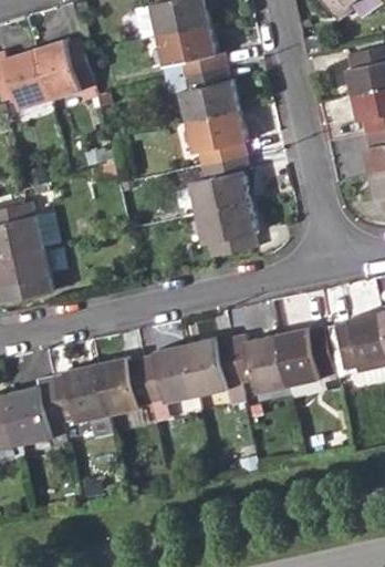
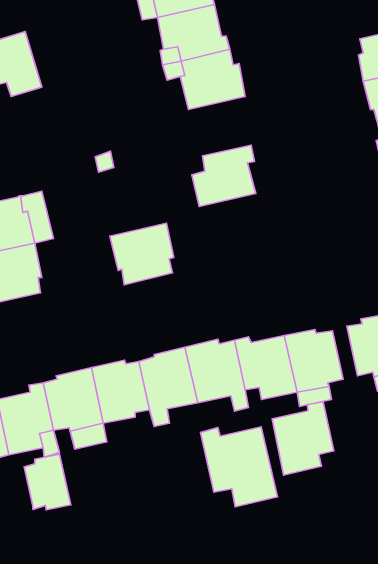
building: [34,39,93,101] -> none
building: [187,110,247,165] -> none
building: [197,200,257,258] -> [110,223,174,285]
building: none -> [272,402,334,475]
building: none -> [201,427,278,507]
building: none -> [24,454,71,510]

